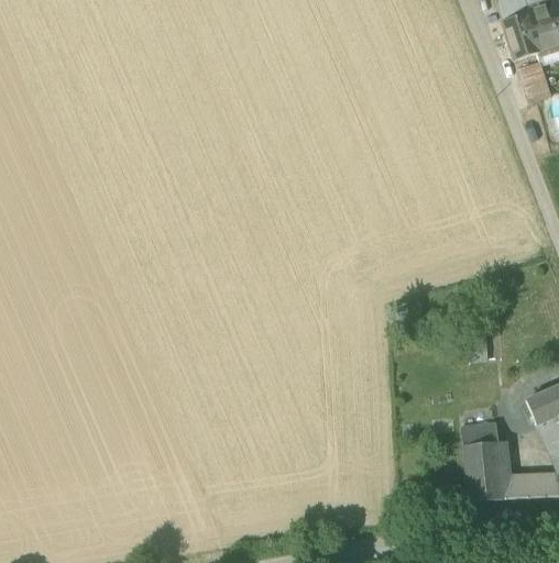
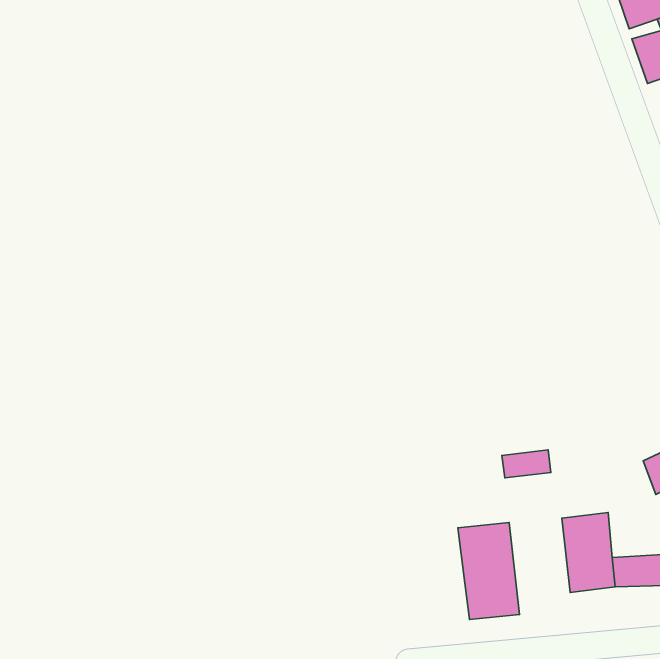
building: [461,421,500,443] -> [502,450,551,478]
building: none -> [458,523,520,619]

